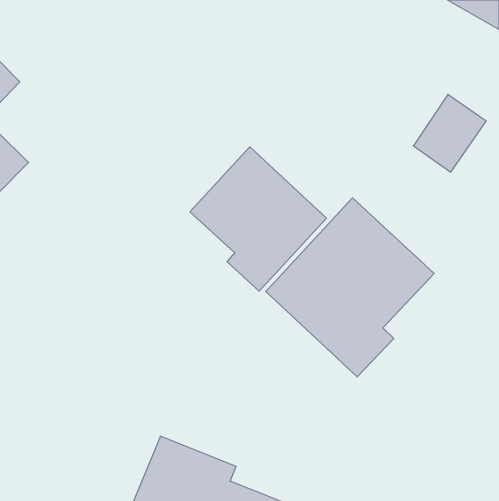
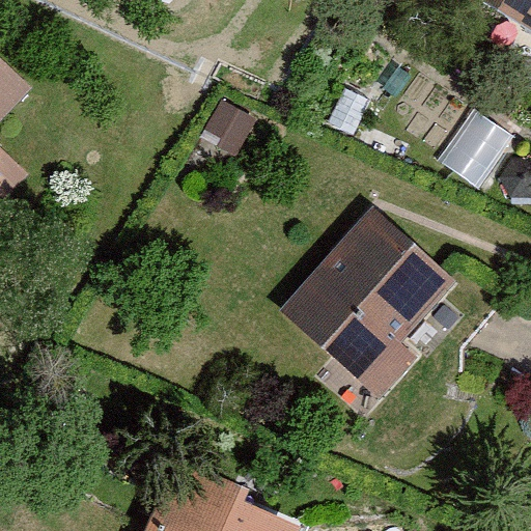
building: [190,147,326,291] -> none

